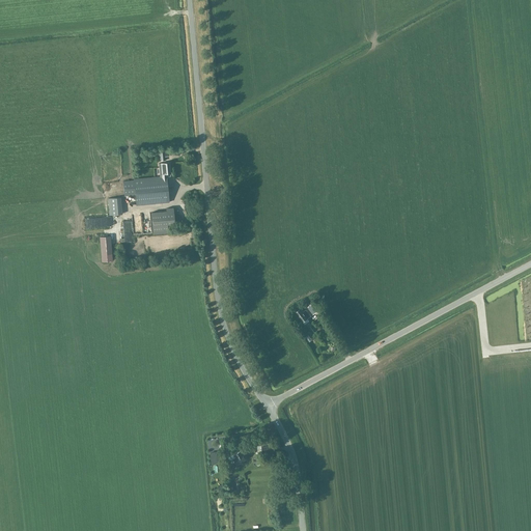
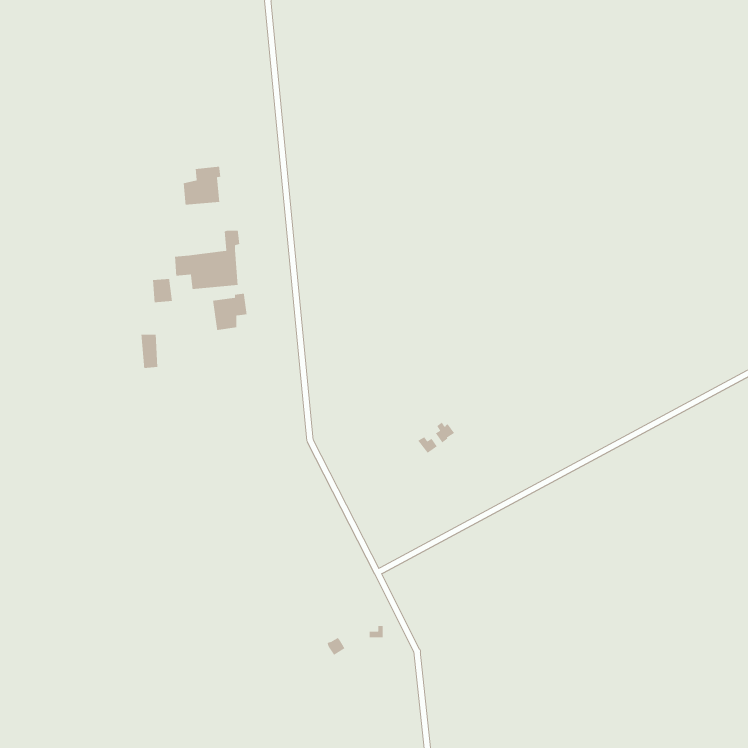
building: none -> [183,166,221,206]

